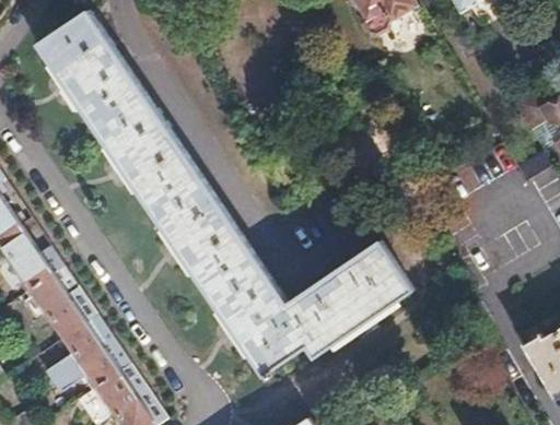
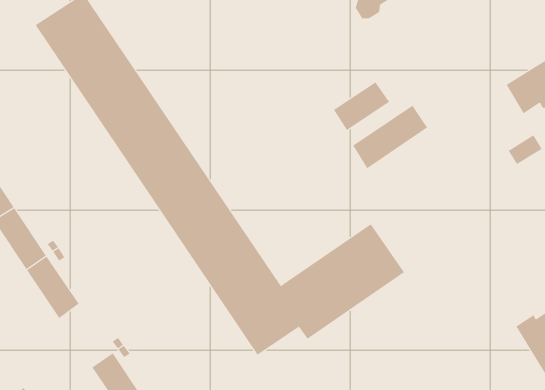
building: none -> [333,82,390,131]
building: none -> [352,105,428,169]
building: [44,323,117,390] -> none

